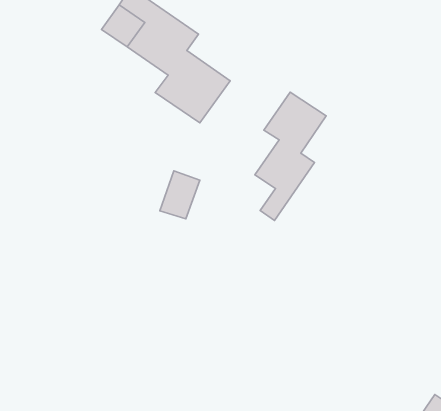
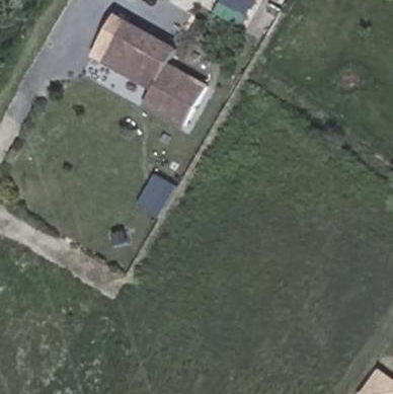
building: [255,92,326,221] -> none

